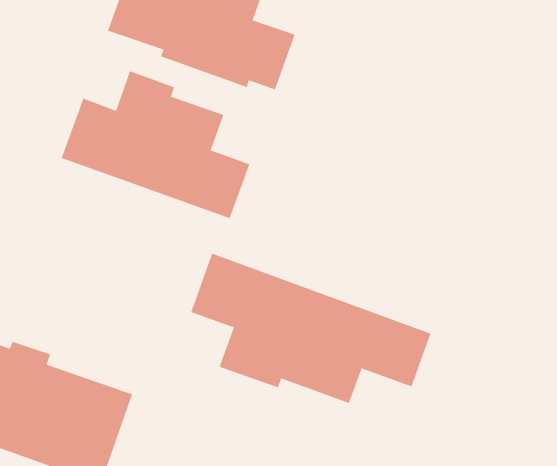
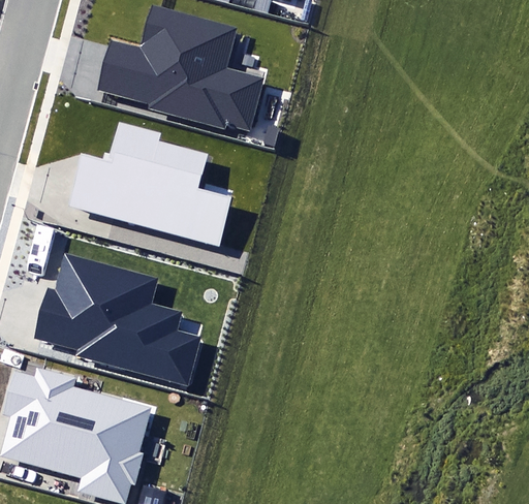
building: none -> [33,254,200,384]
building: [190,253,431,404] -> none

